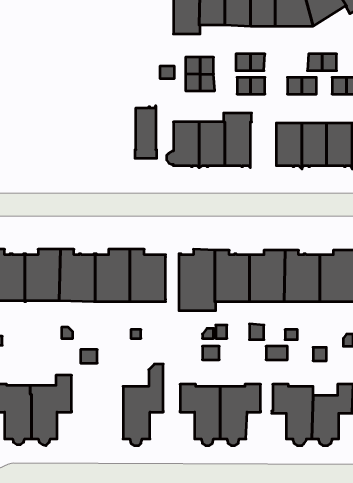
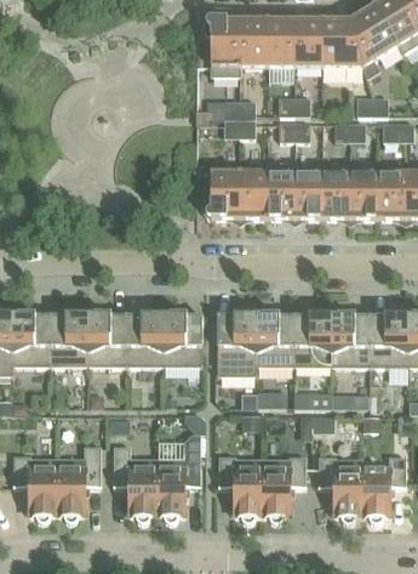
building: [135,106,157,158] -> none
building: none -> [294,170,322,220]
building: none -> [113,445,156,522]

